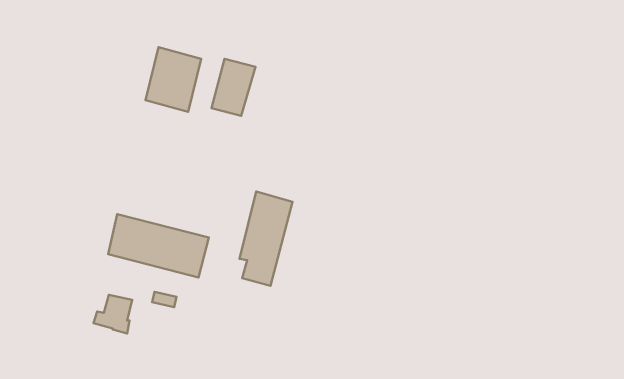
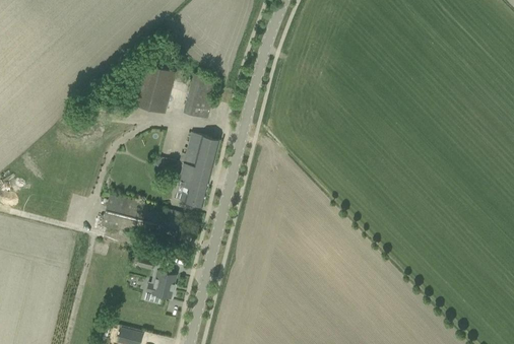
building: [239,192,292,286] -> [178,131,219,205]
building: [93,295,132,334] -> [145,269,176,299]

